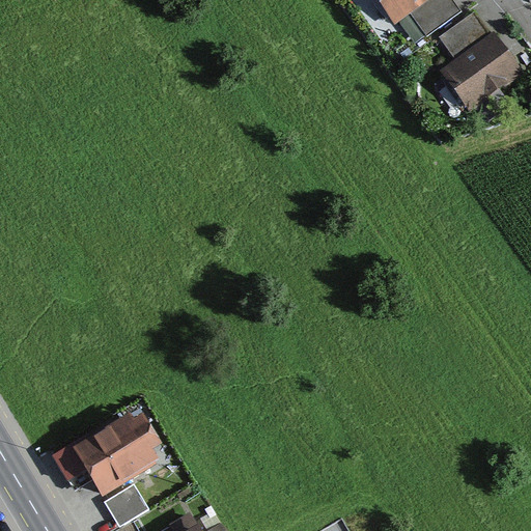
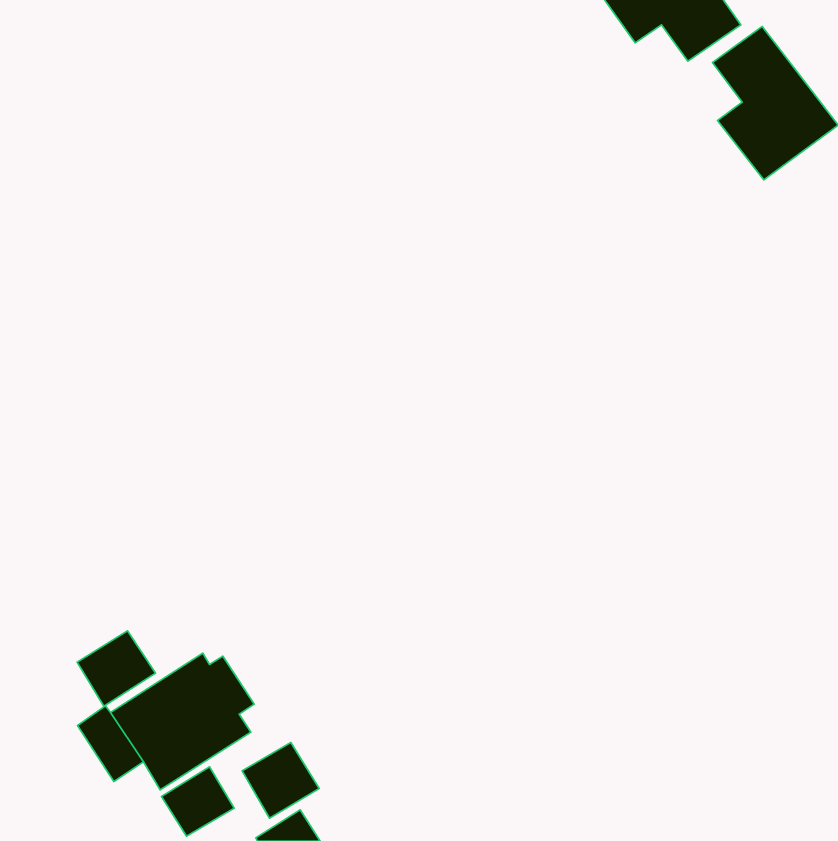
building: none -> [77,631,156,706]
building: none -> [242,743,319,818]

